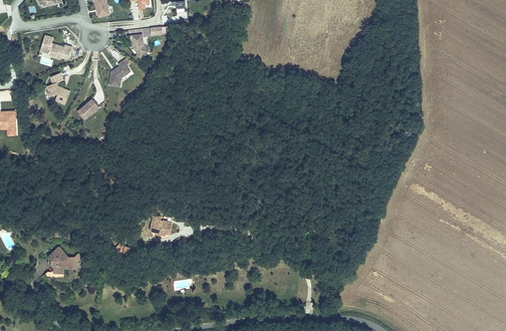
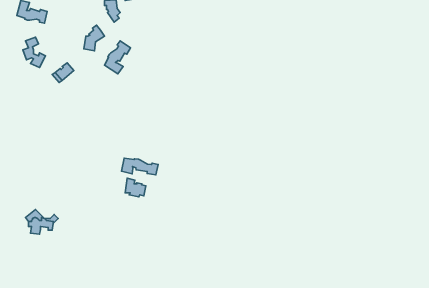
building: none -> [104,41,131,74]
building: none -> [122,158,158,175]

